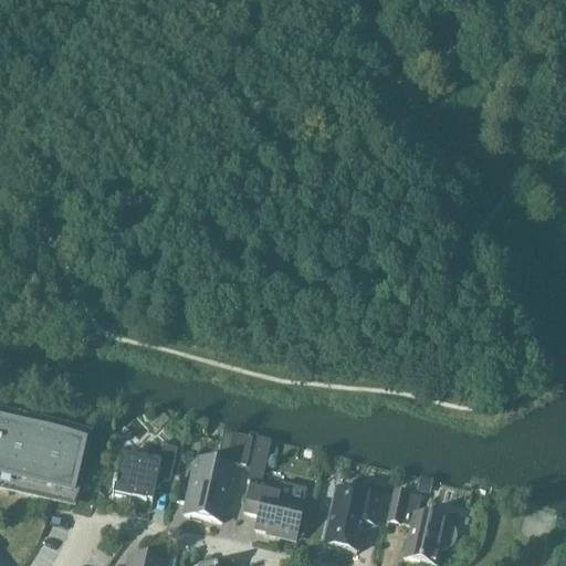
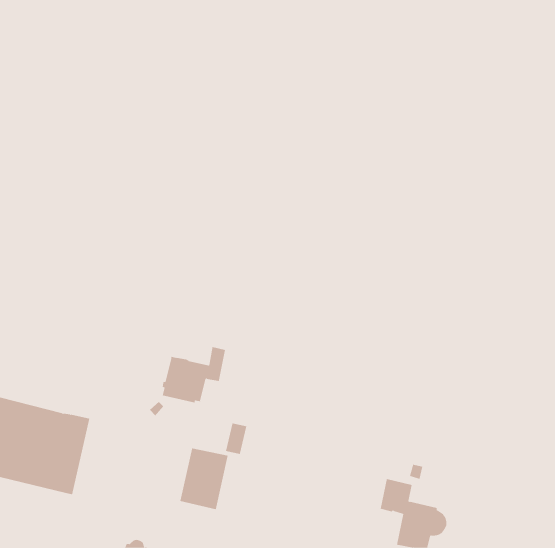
building: [242,434,307,535] -> none
building: [111,441,176,499] -> [162,347,226,403]
building: [322,485,381,548] -> none

